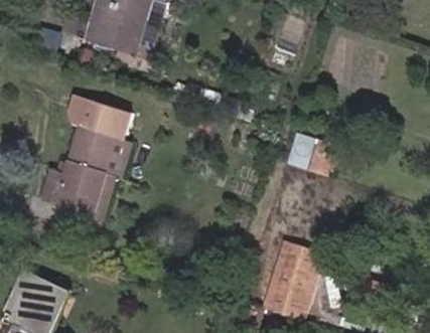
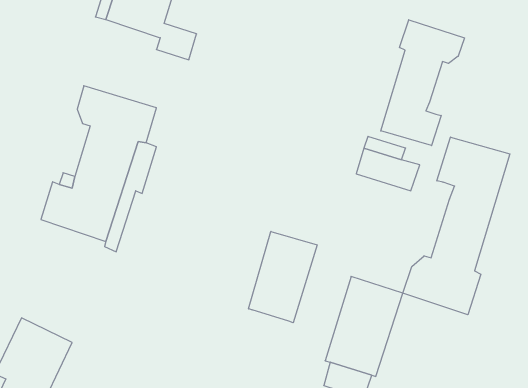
building: none -> [381,20,465,146]
building: none -> [403,137,510,315]
building: none -> [249,231,317,323]

